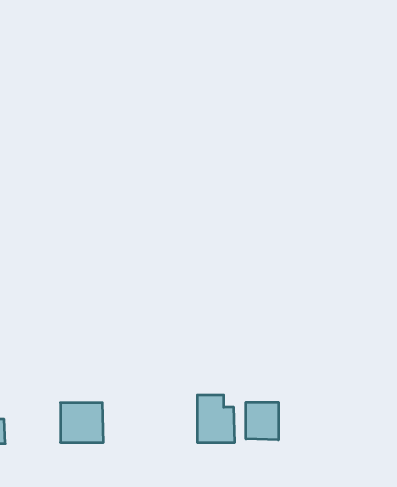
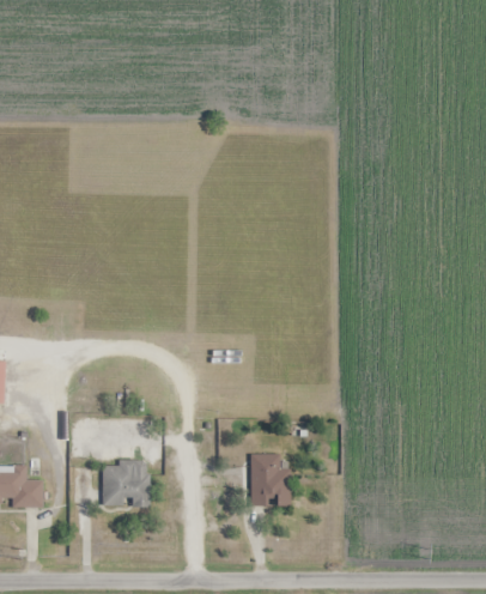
building: [246,402,278,440] -> none

